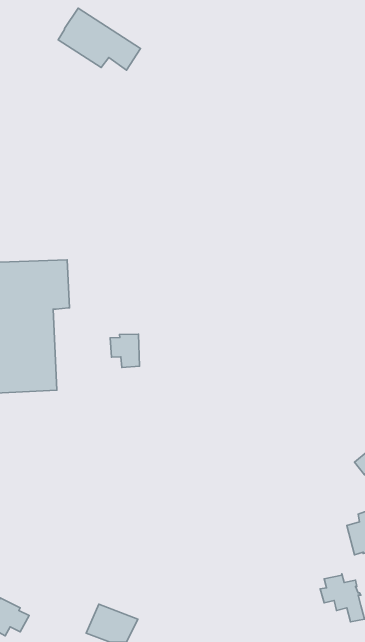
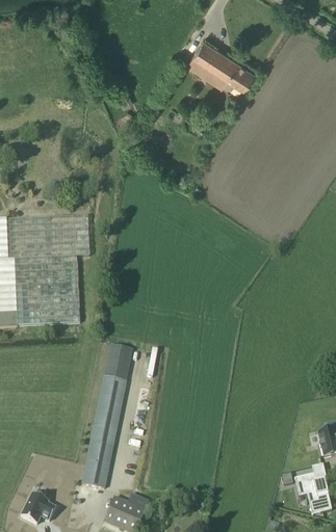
building: [58,8,140,70] -> [186,37,254,88]
building: [110,334,140,367] -> none
building: none -> [82,343,132,487]

